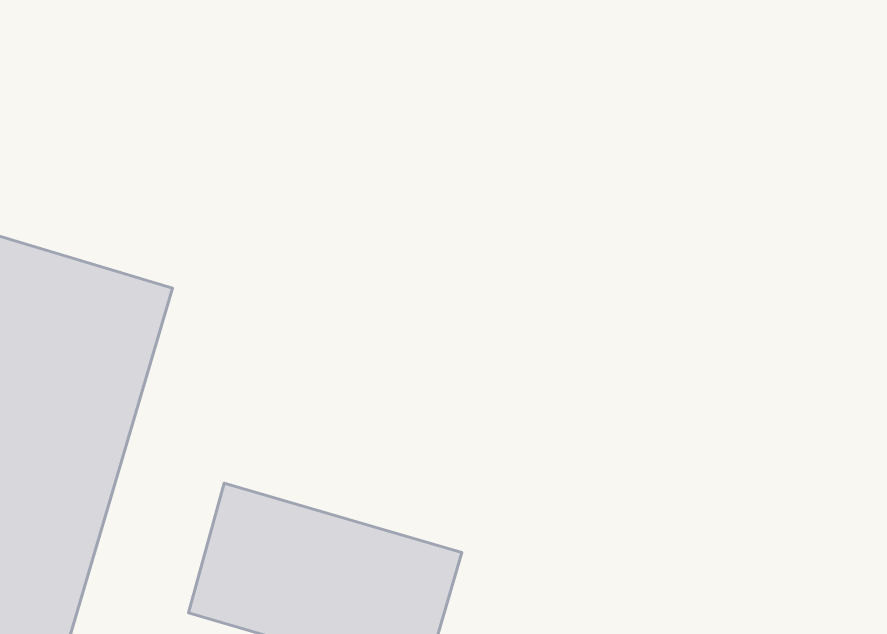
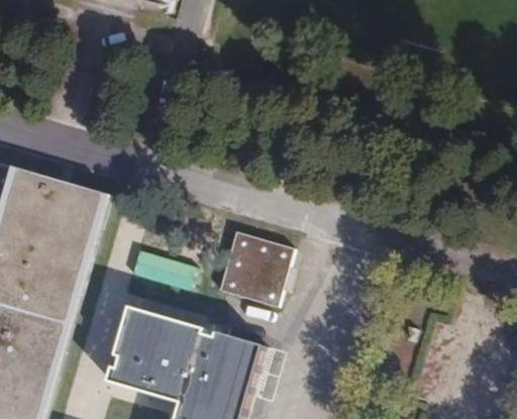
building: none -> [214,231,289,306]

